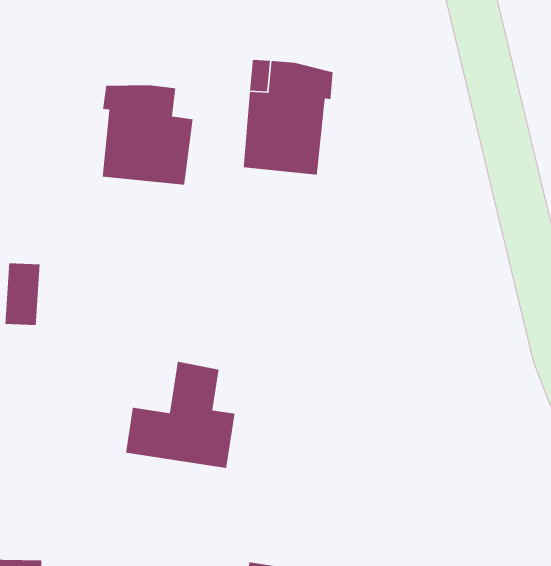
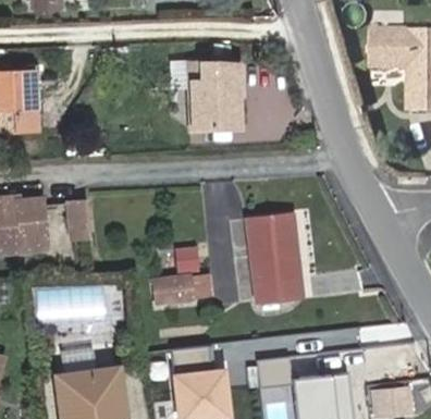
building: [102,85,194,186] -> none
building: none -> [246,215,299,297]

